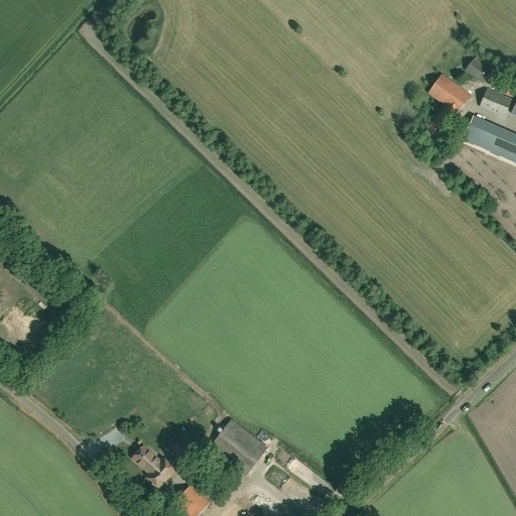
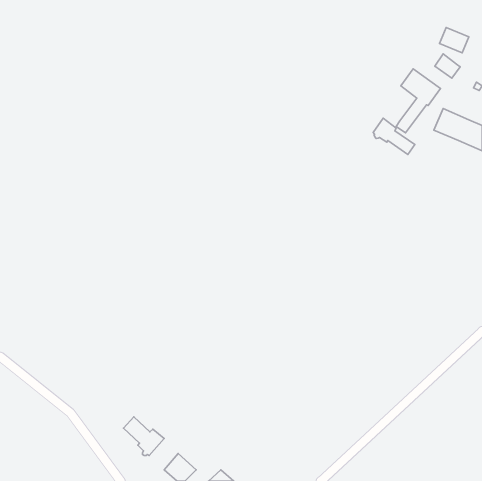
building: [480,89,511,116] -> [440,27,469,53]
building: none -> [373,118,415,154]
building: [210,419,267,475] -> none

